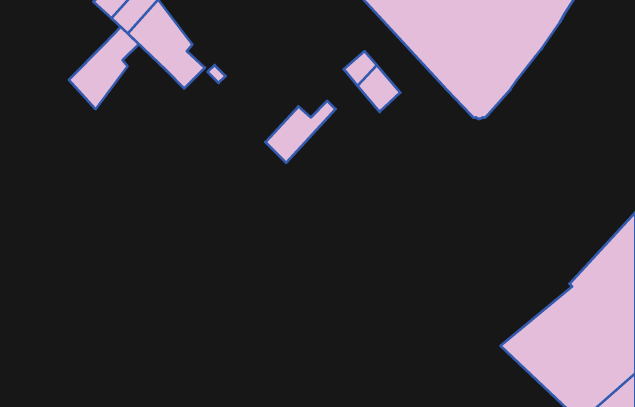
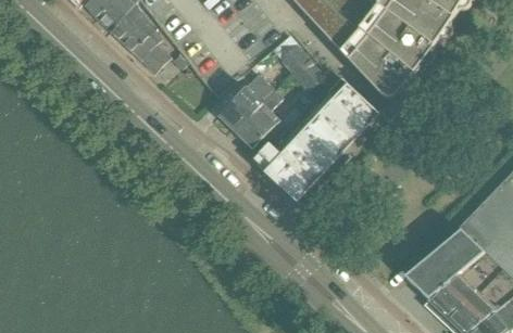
building: [69,27,139,109] -> none
building: none -> [254,78,381,204]
building: none -> [236,89,283,148]

